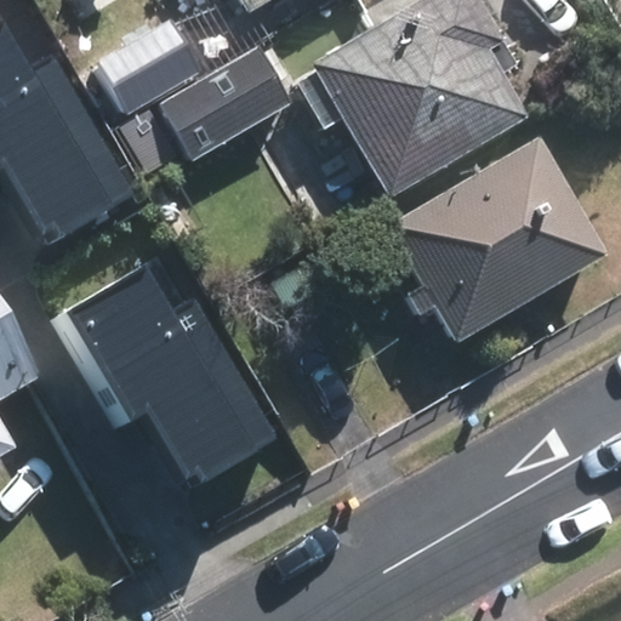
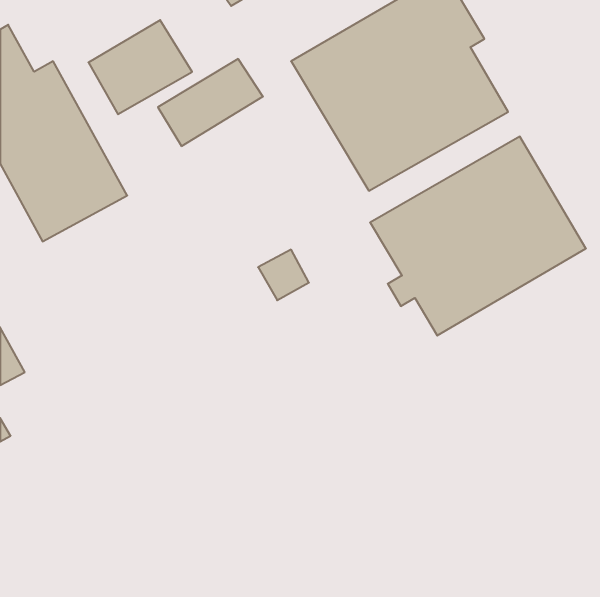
building: [70,255,281,478] -> none

